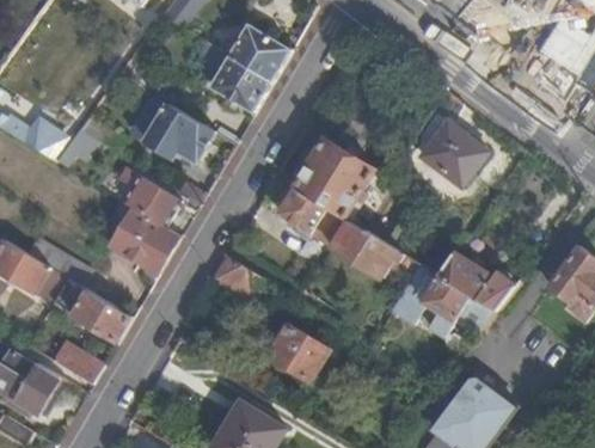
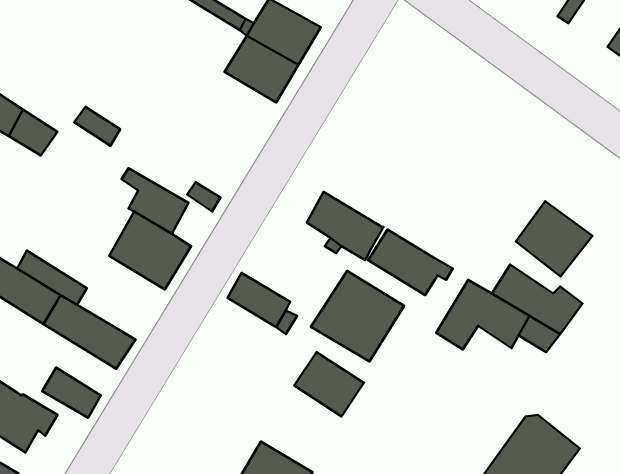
building: [130,94,213,158] -> none
building: [419,123,485,188] -> [516,201,592,276]
building: [293,141,373,219] -> [311,271,404,362]

